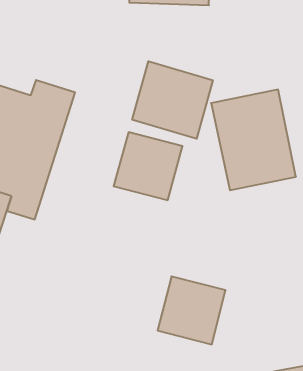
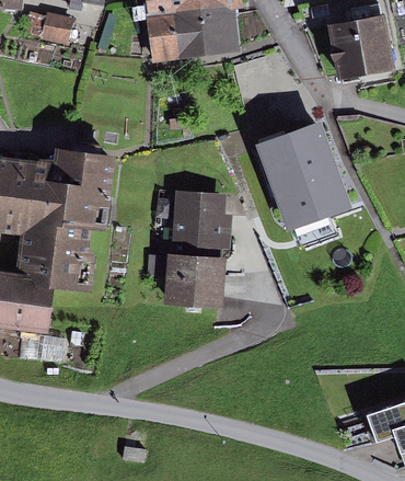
building: [132,61,213,139] -> none
building: [158,276,226,344] -> [163,247,225,309]

